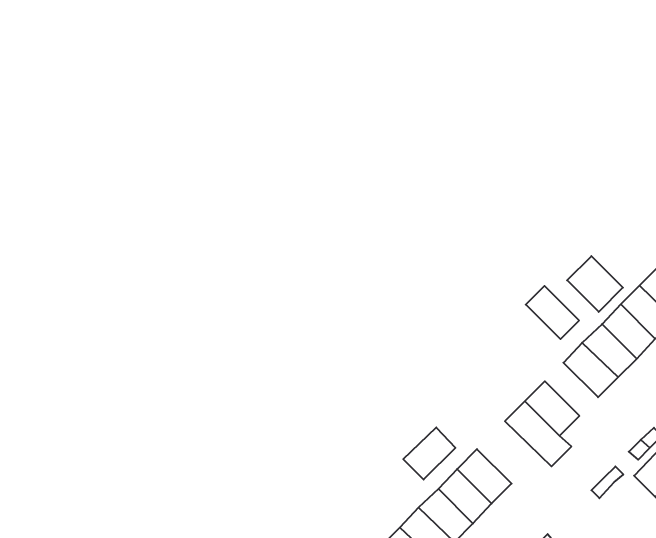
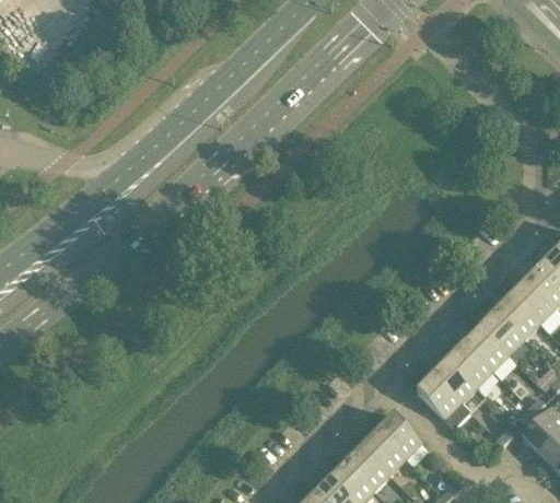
building: [567,256,623,312] -> none
building: [526,286,579,339] -> [448,341,492,385]
building: [403,427,455,480] -> none

